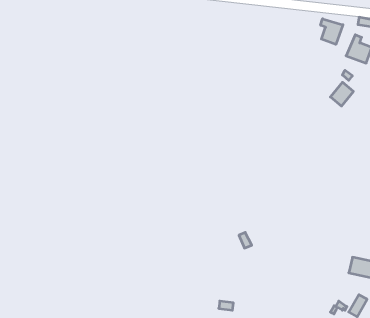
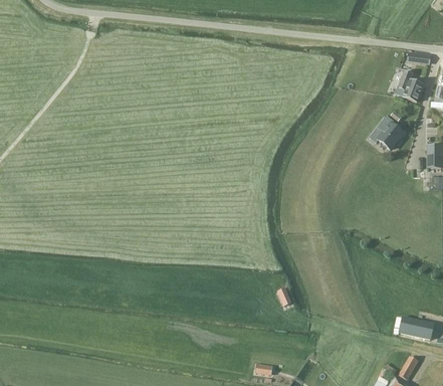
building: [321,19,343,44] -> none

